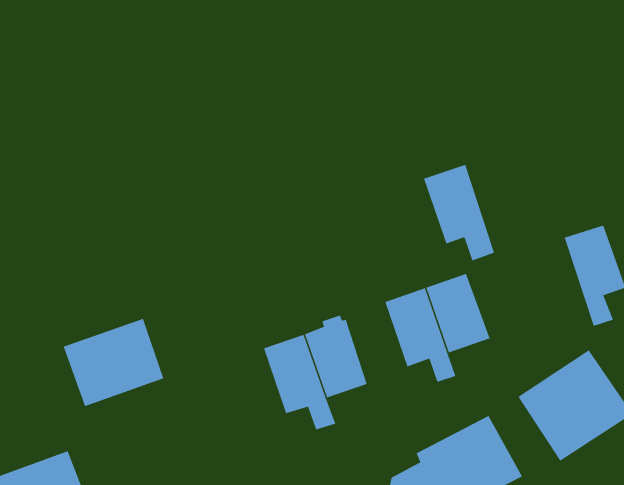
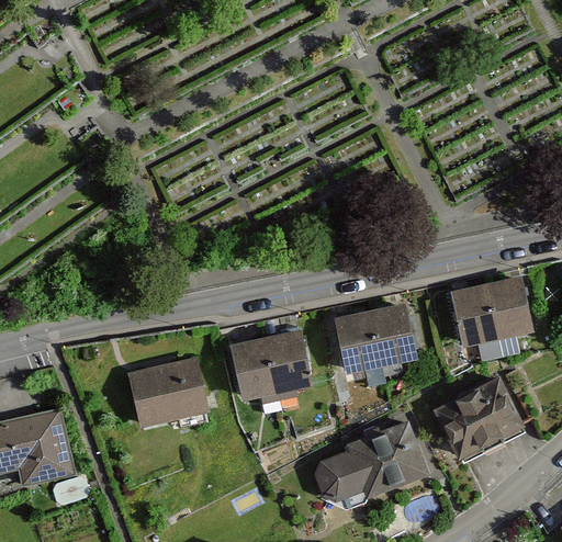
building: [423,164,495,261] -> [451,282,503,362]
building: [63,318,164,407] -> [127,359,207,426]

